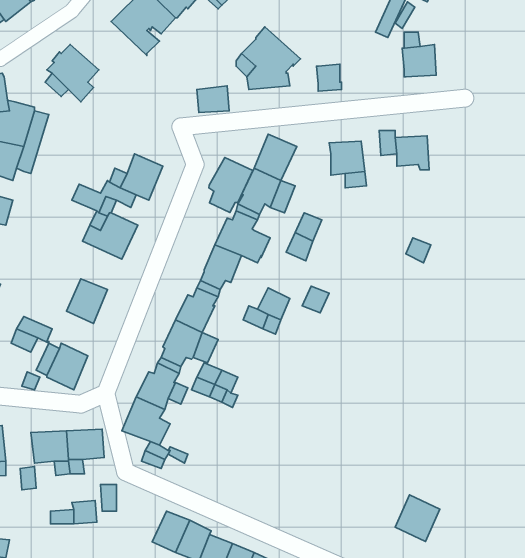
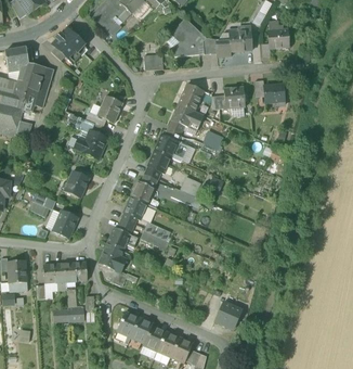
building: none -> [228,30,251,51]
building: [209,157,253,213] -> none
building: [395,495,440,541] -> [214,301,241,329]

